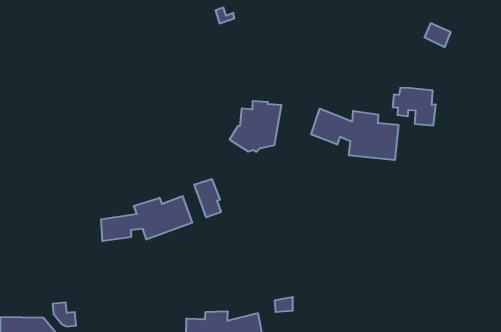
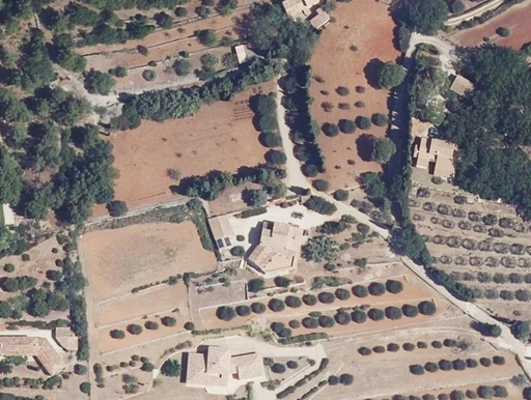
building: [230,101,282,152] -> [247,222,302,273]
building: [311,109,399,160] -> none
building: [101,196,192,241] -> none

